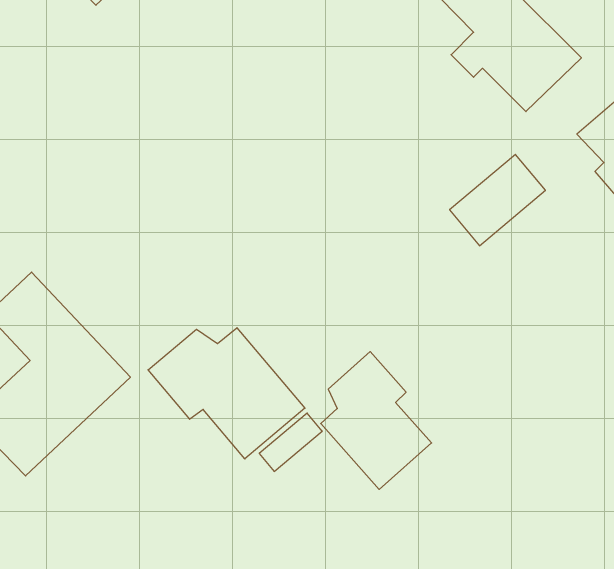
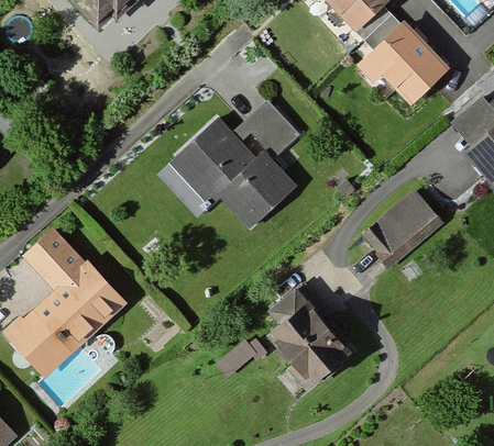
building: none -> [164,103,299,233]
building: [450,154,545,246] -> [364,191,435,258]
building: [148,328,305,459] -> none

